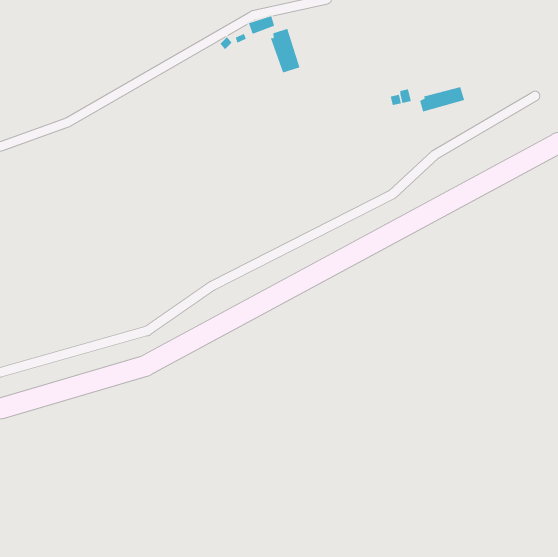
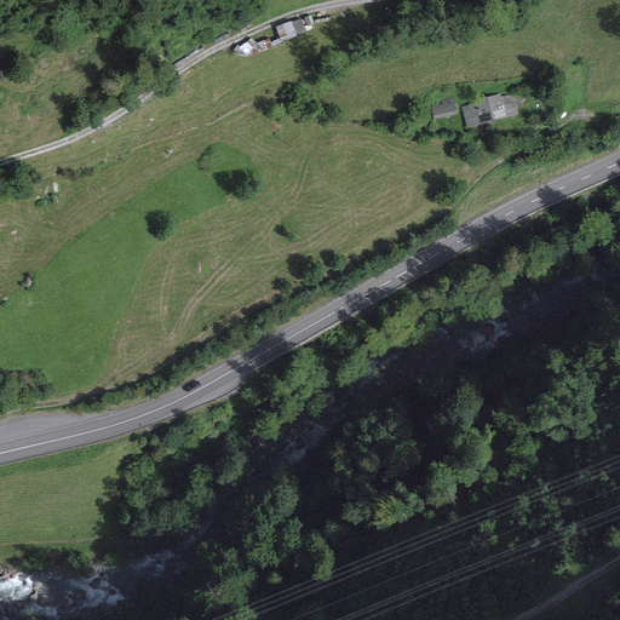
building: [270,28,301,73] -> none

